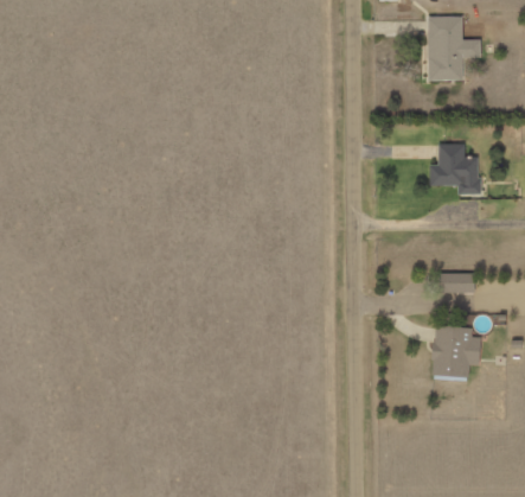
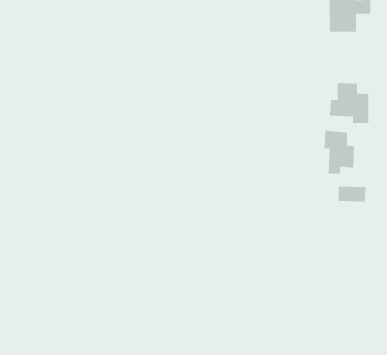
building: none -> [324,130,355,175]
building: [433,326,480,377] -> none

